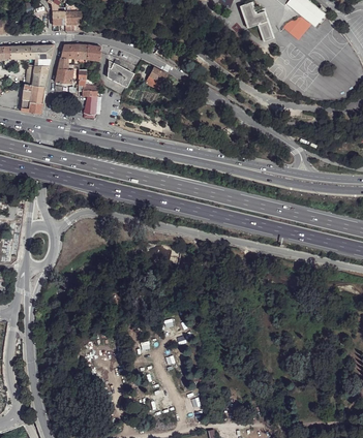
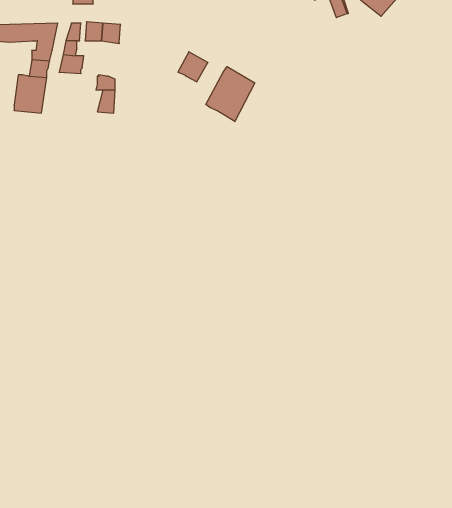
building: [107,60,133,88] -> none
building: none -> [206,67,255,122]

